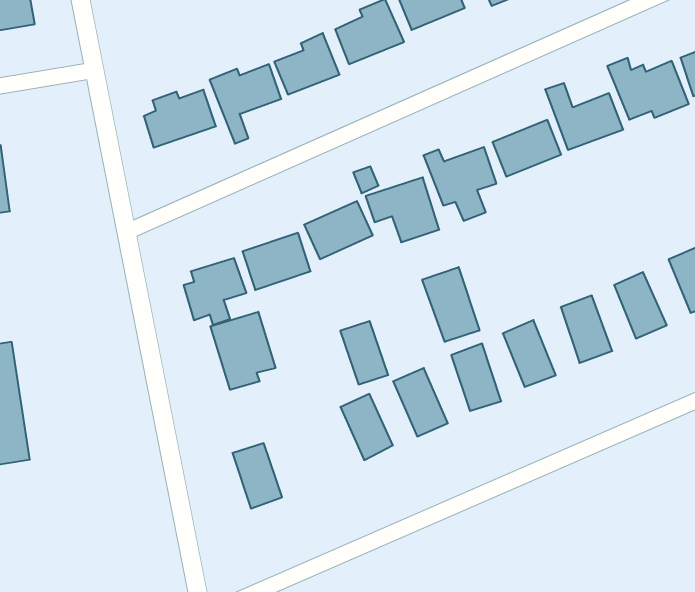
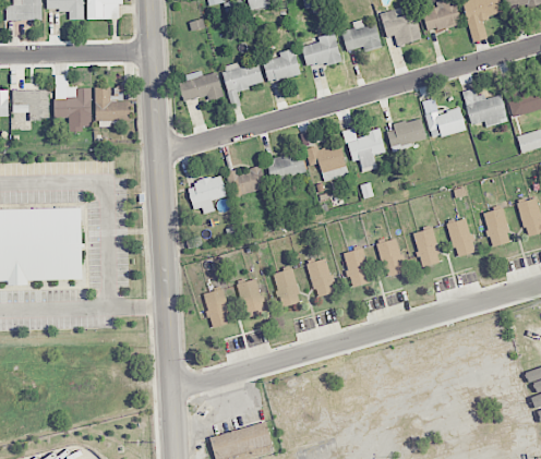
building: none -> [96,88,131,128]
building: [422,267,479,342] -> none
building: [210,312,275,390] -> none
building: [340,321,388,384] -> [239,279,264,316]

